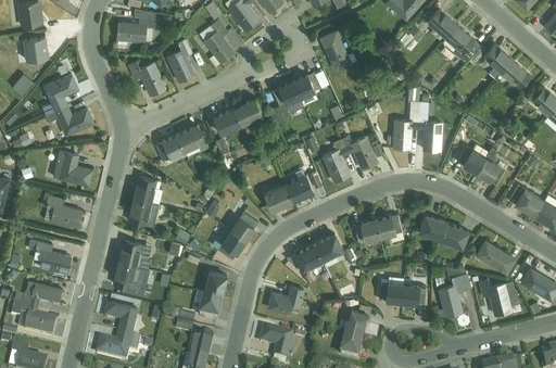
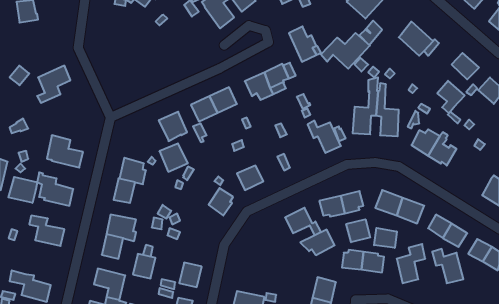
building: [116,9,170,42] -> none
building: [426,9,456,39] -> none
building: [199,18,235,66] -> none
building: [23,36,47,61] -> none
building: none -> [321,33,370,69]
building: [165,38,195,83] -> none
building: [482,43,513,79] -> [437,81,465,113]
building: [128,60,164,94] -> none
building: [46,105,93,137] -> none
building: [155,135,187,166] -> [159,143,188,172]
building: [321,139,351,182] -> none
building: [283,175,314,202] -> none
building: [508,186,544,217] -> none
building: none -> [8,177,37,203]
building: [218,228,248,257] -> none
building: [287,242,325,270] -> [300,230,335,255]
building: none -> [346,219,370,242]
building: none -> [374,228,397,248]
building: [204,269,229,296] -> [133,254,155,278]
building: [21,281,64,306] -> none
building: [267,283,305,314] -> none

